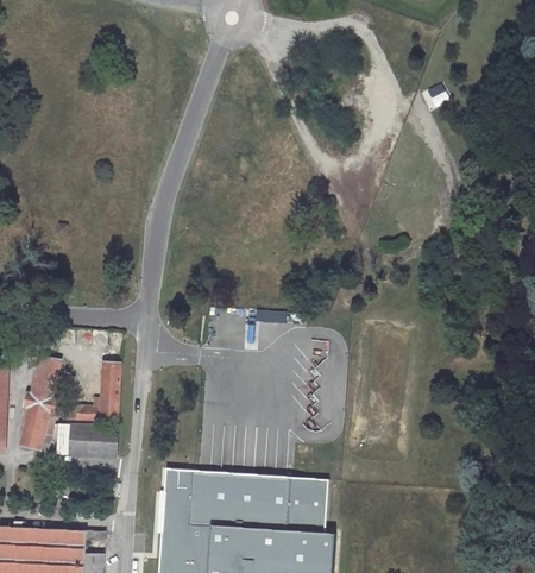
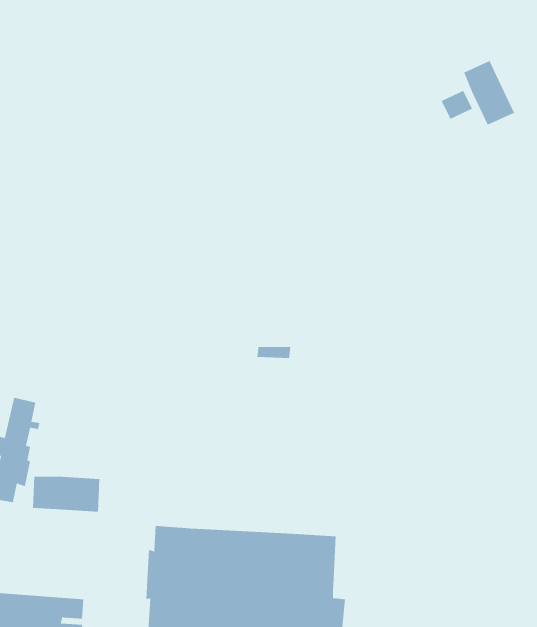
building: none -> [464,60,515,126]
building: [63,364,120,424] -> none

